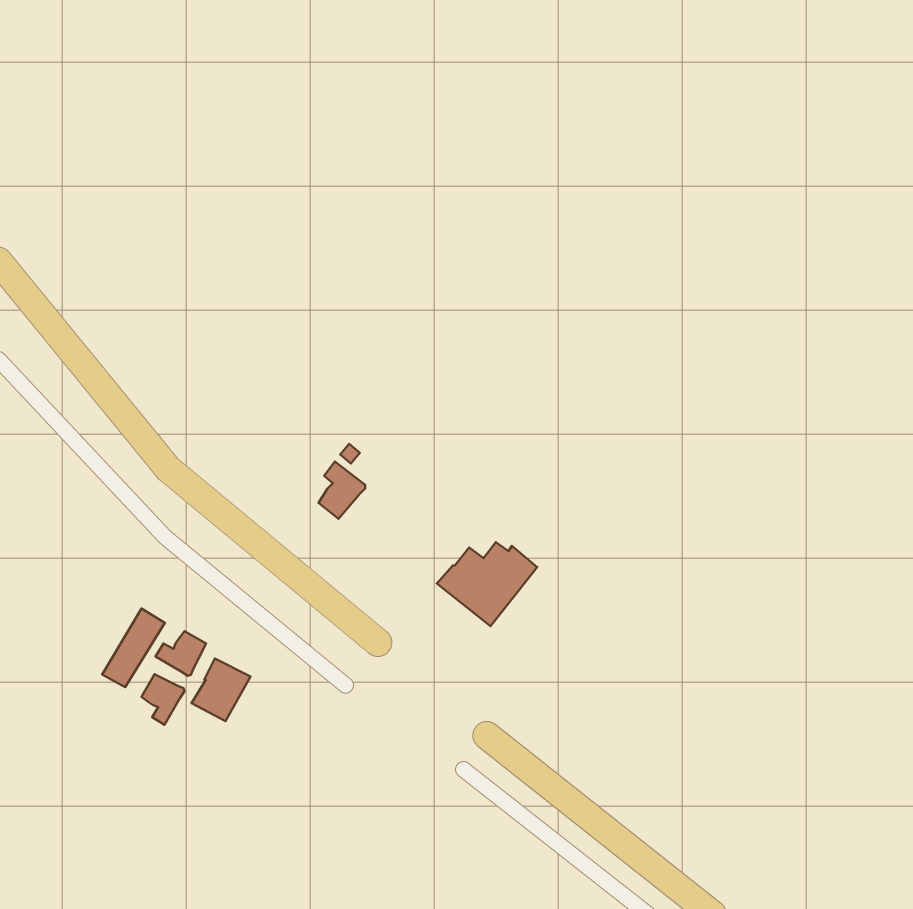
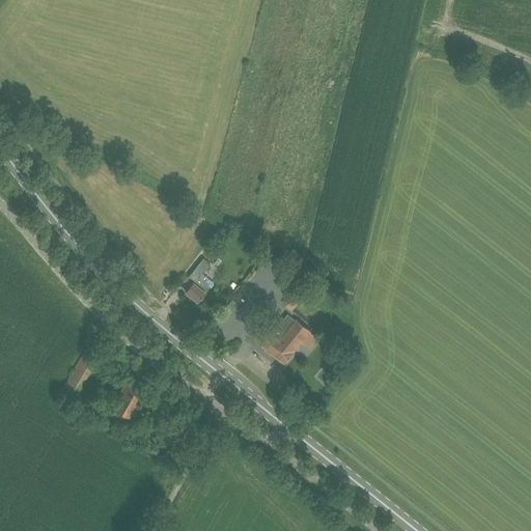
building: [156,631,206,676] -> none
building: [142,674,184,725] -> none

